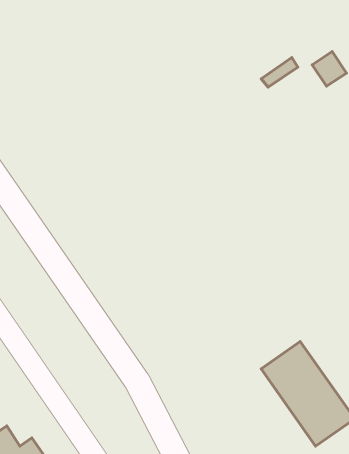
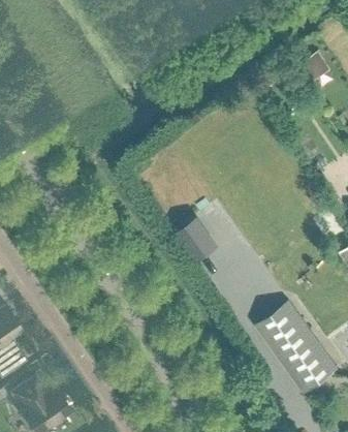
building: none -> [176,213,219,259]

